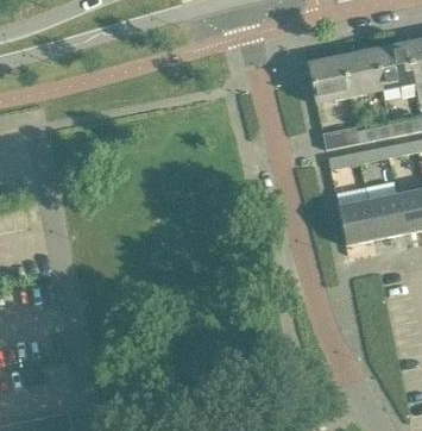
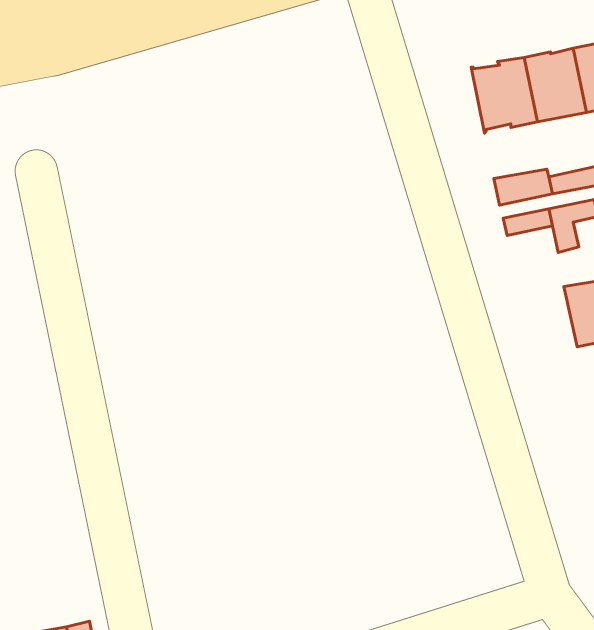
building: [339,199,376,243] -> none

